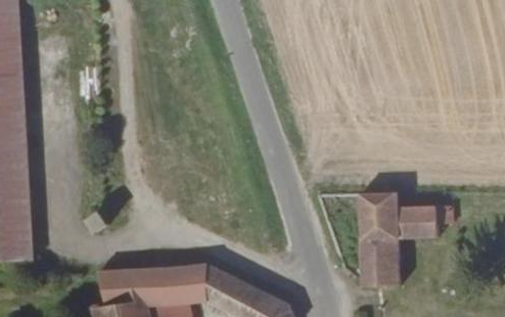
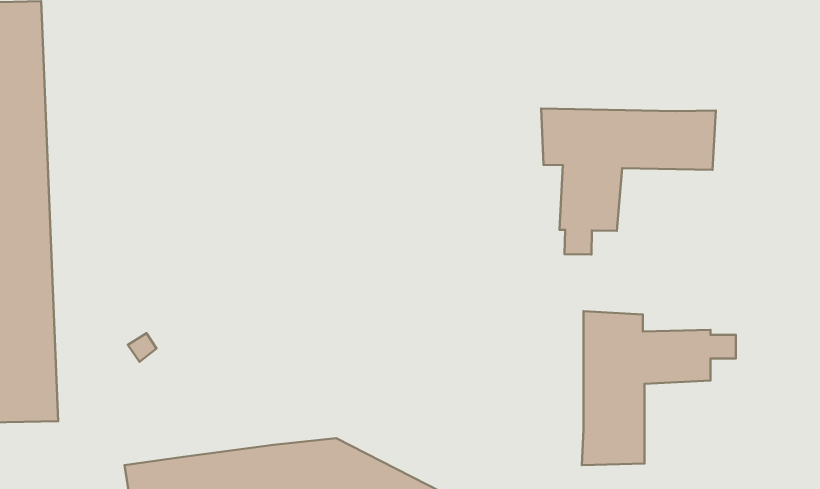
building: none -> [541,108,716,255]

